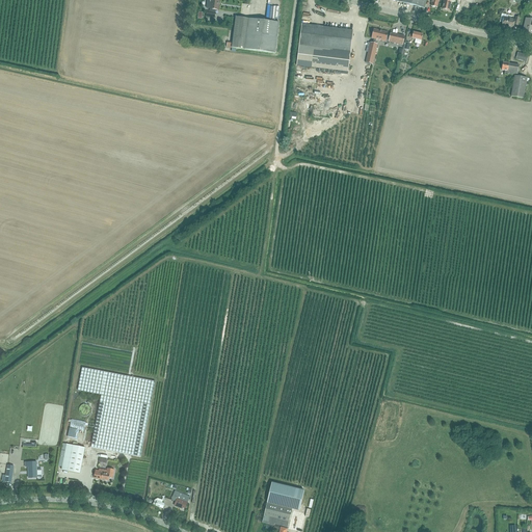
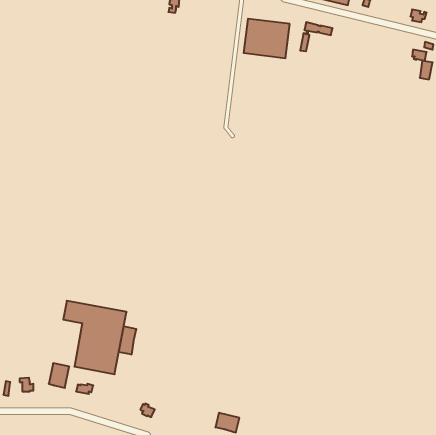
building: [231,16,278,52] -> none
building: none -> [119,326,136,355]
building: [266,481,303,509] -> none

